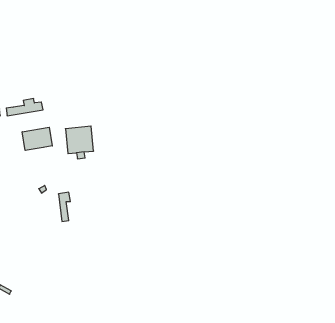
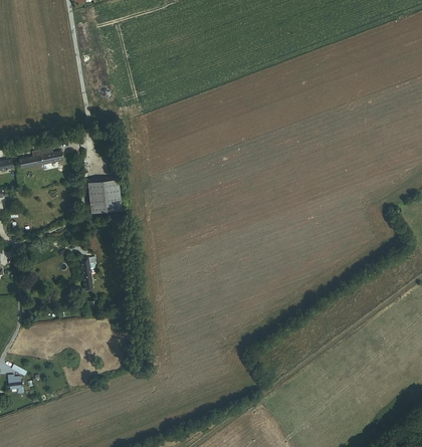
building: [22,127,52,150] -> none

